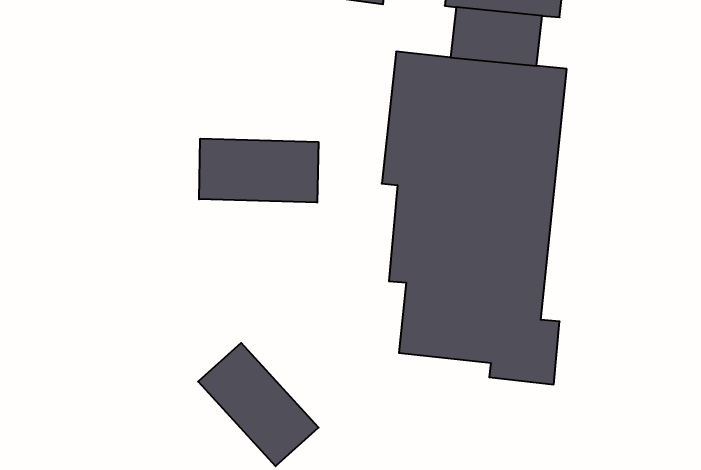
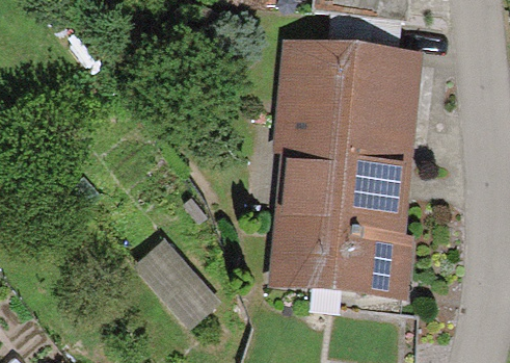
building: [199,139,318,203] -> none

